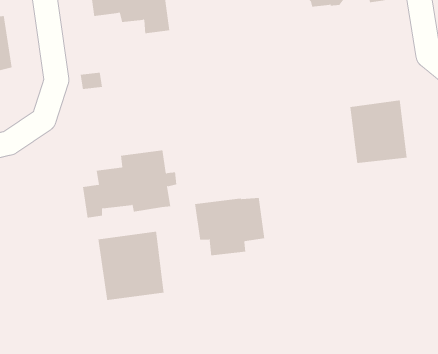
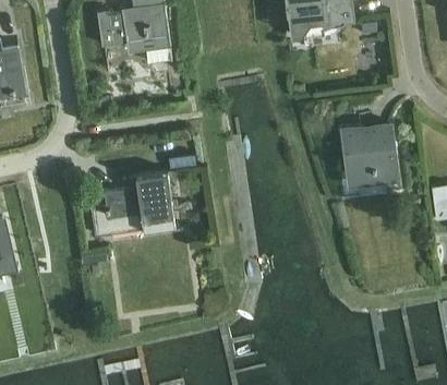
building: [194,197,265,256] -> none
building: [98,231,164,301] -> none

